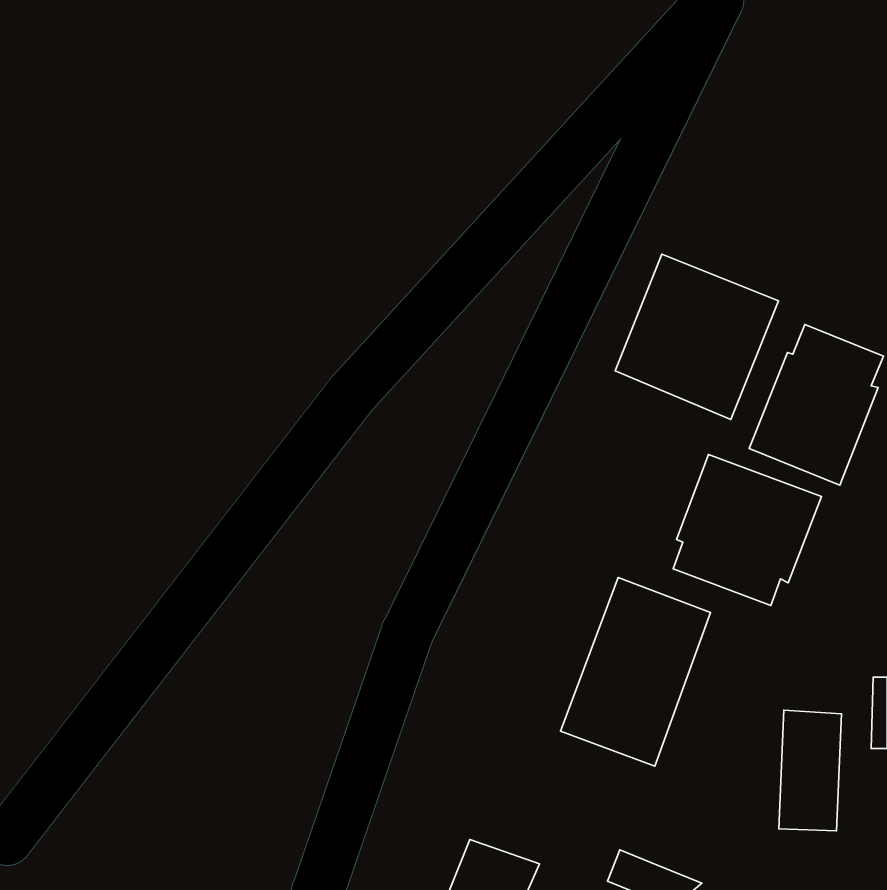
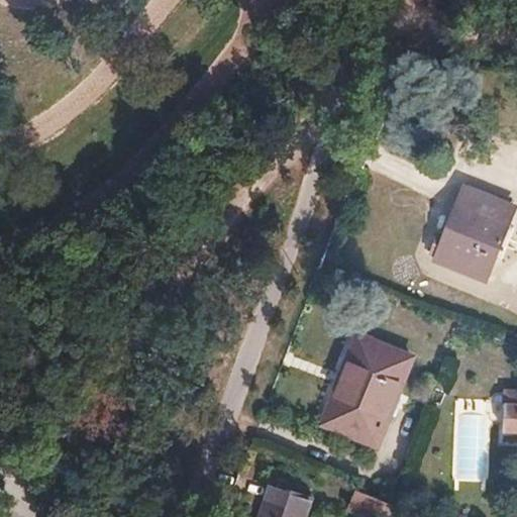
building: [615,254,779,419] -> none
building: [673,454,822,605] -> none

